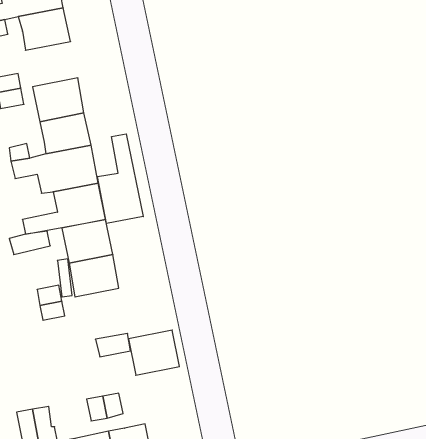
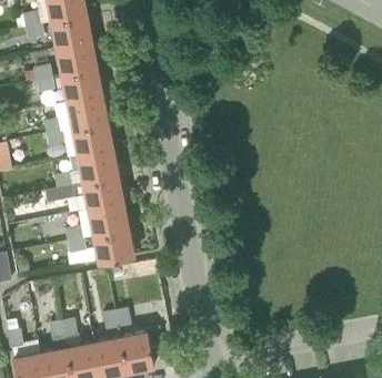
building: none -> [57,41,97,75]
building: [97,134,143,223] -> none
building: [128,330,179,375] -> [94,228,133,263]

